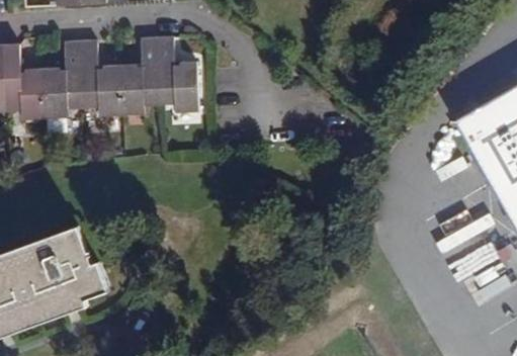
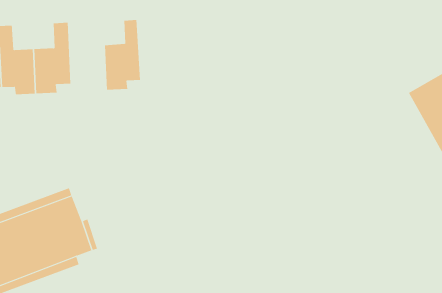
building: [156,35,198,111] -> none
building: [80,39,121,115] -> none

